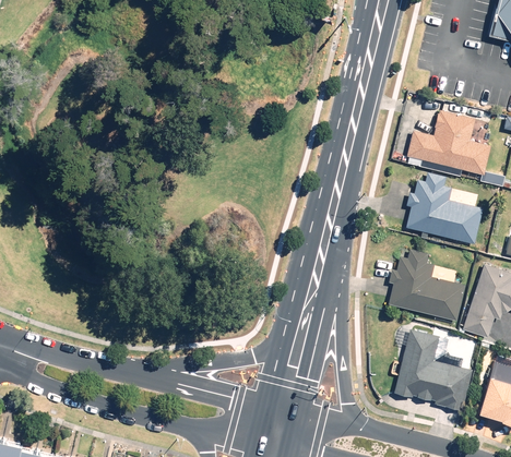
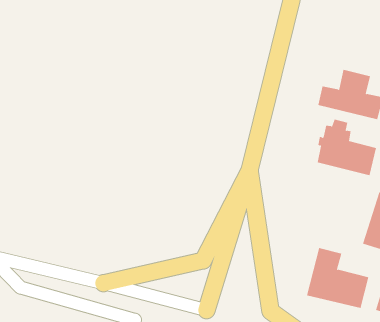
building: [389,251,465,322] -> none

